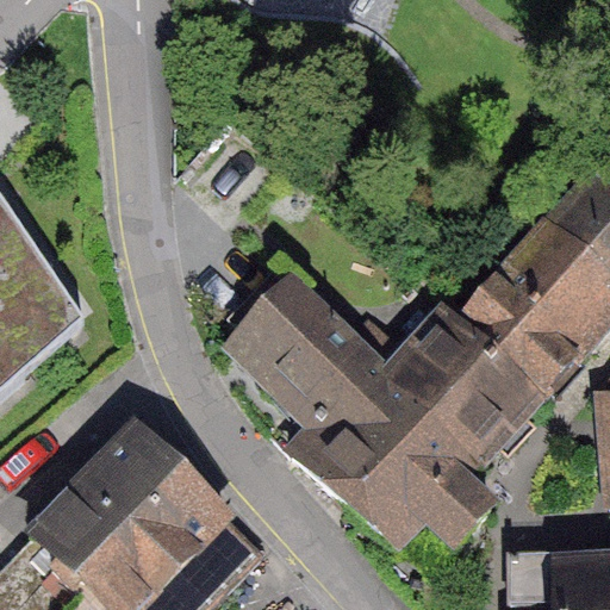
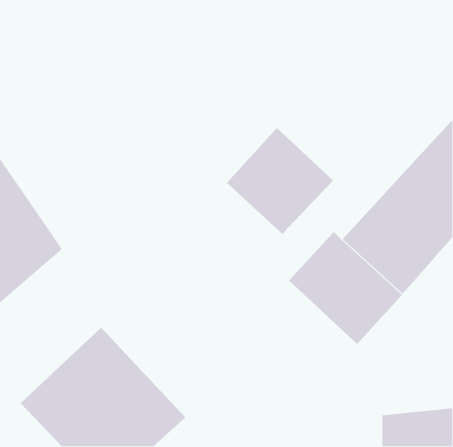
building: none -> [226,127,334,235]
building: [239,284,486,542] -> none

